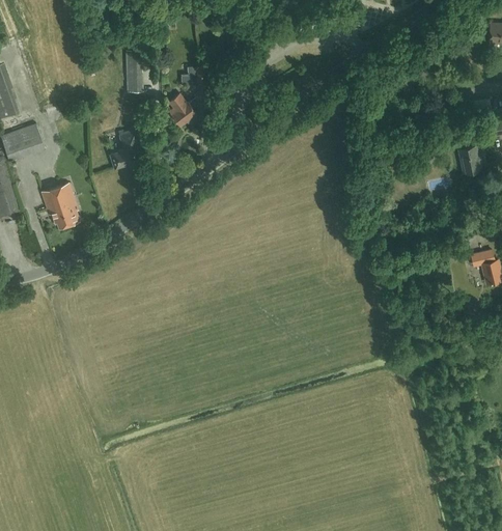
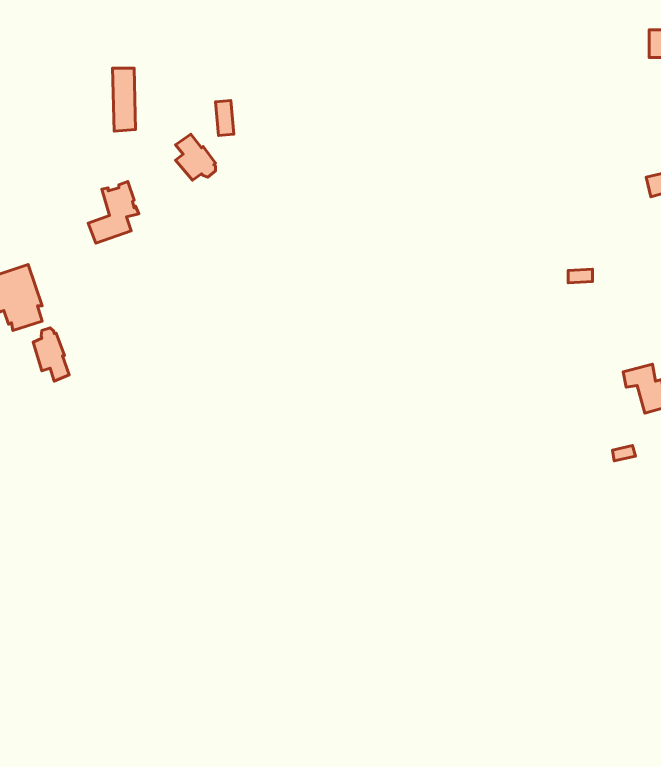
building: [457,146,480,173] -> none
building: none -> [33,328,69,381]

